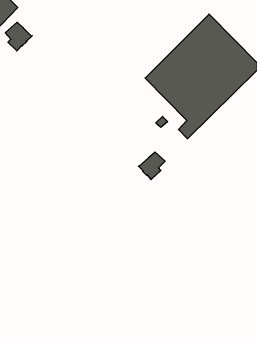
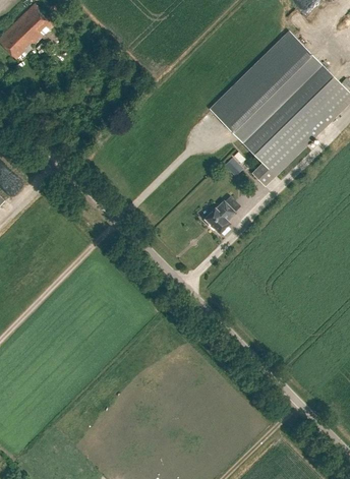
building: [5,22,32,51] -> none

